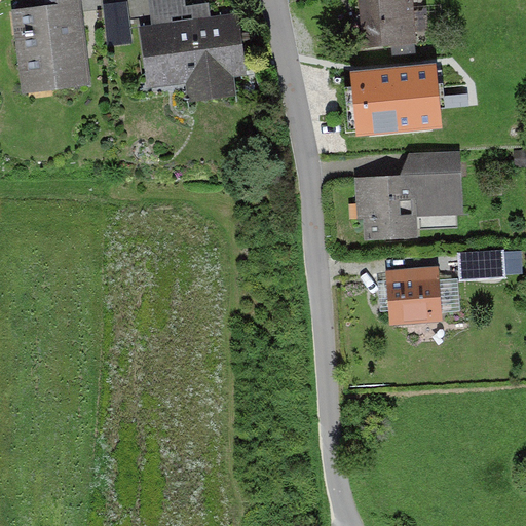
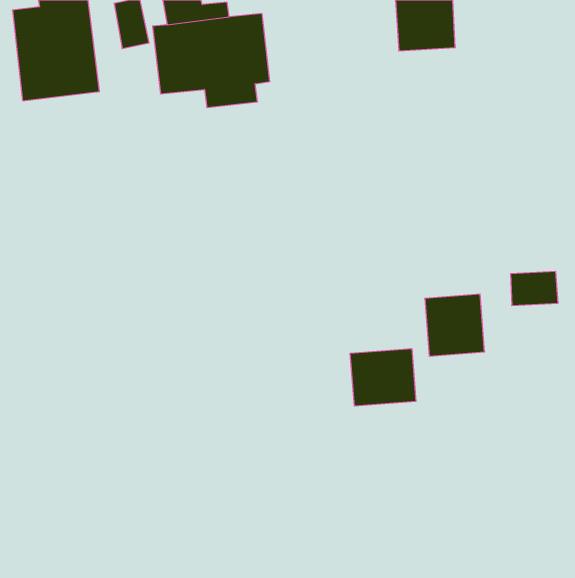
building: [349,62,443,133] -> none
building: [355,151,461,239] -> none
building: none -> [350,349,416,406]

